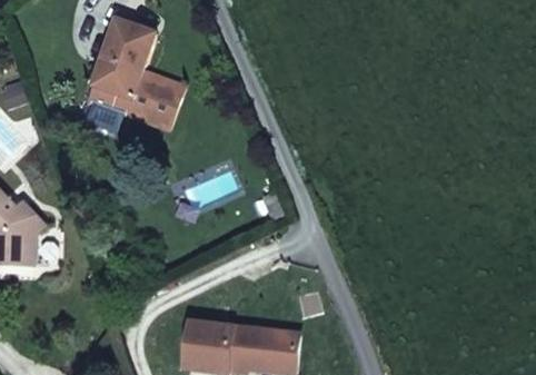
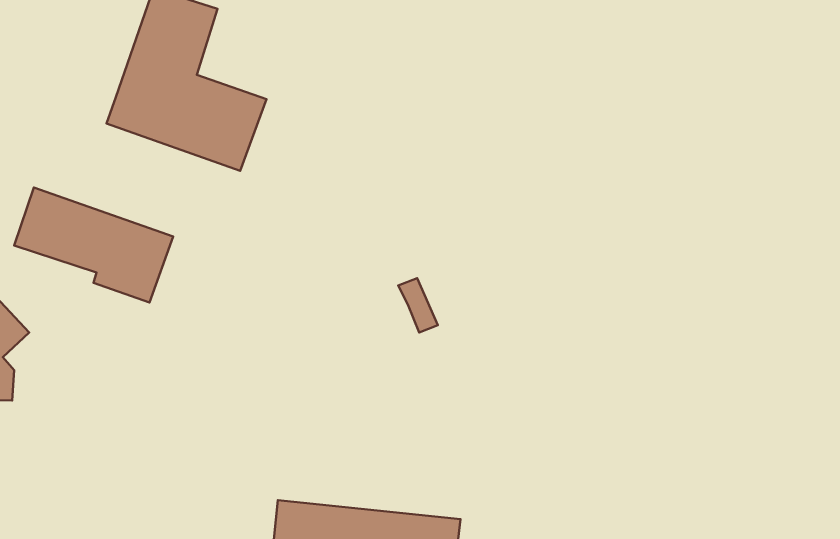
building: none -> [14,187,173,303]

